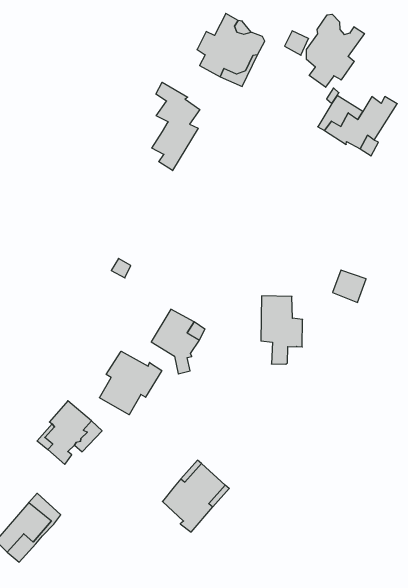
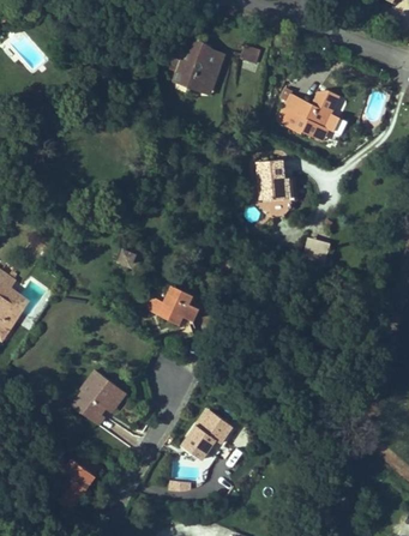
building: [306,14,364,87] -> none
building: [152,82,200,171] -> none
building: [261,296,303,364] -> [257,159,295,217]
building: [99,351,162,415] -> none

